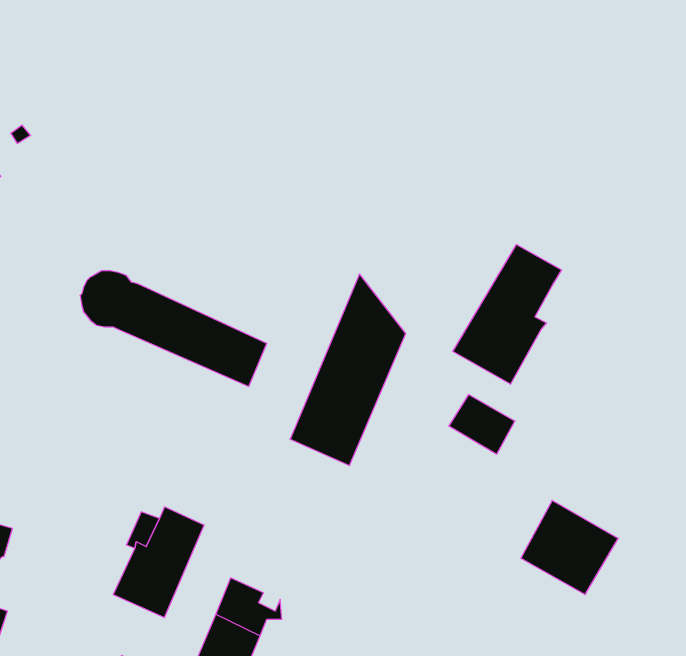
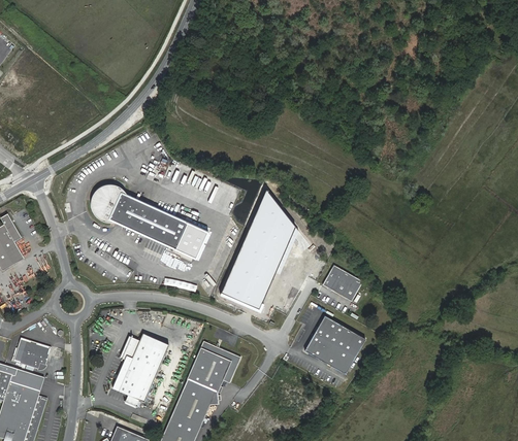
building: [453,245,561,384] -> none
building: [521,500,618,595] -> [303,314,364,373]
building: none -> [185,340,239,399]

